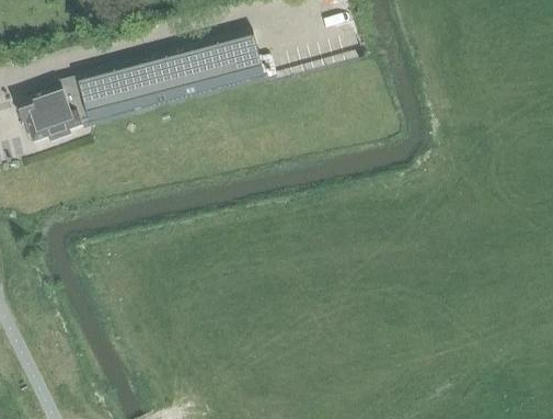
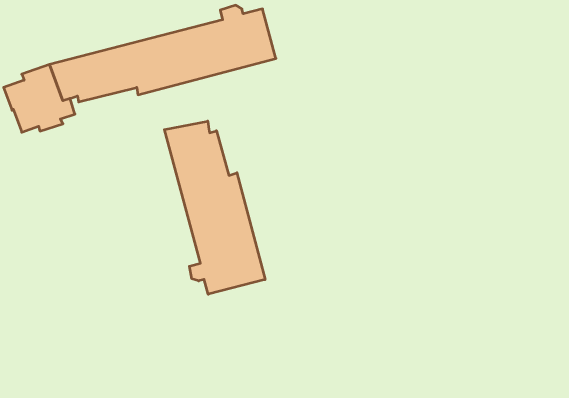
building: none -> [164,121,265,294]

